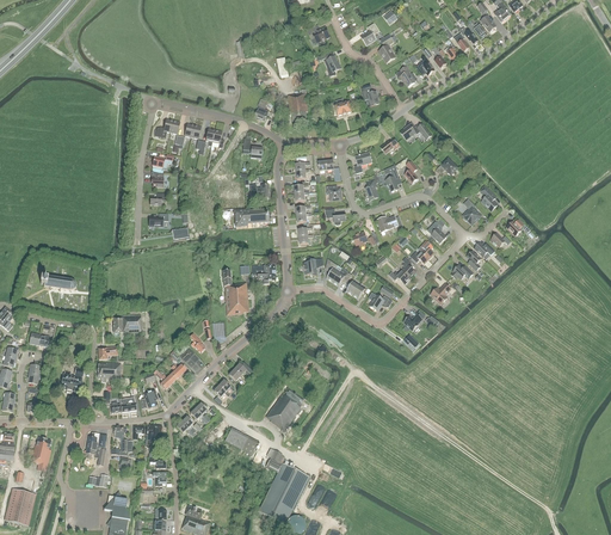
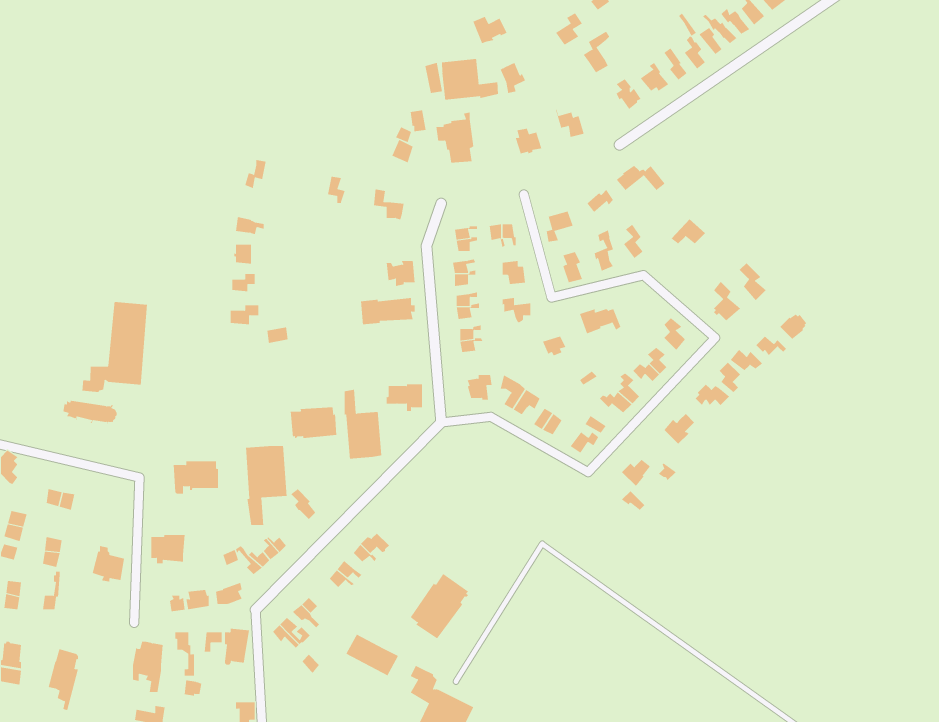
building: none -> [442,58,499,100]
building: none -> [82,301,147,393]
building: none -> [290,407,337,439]
building: none -> [246,445,287,526]

